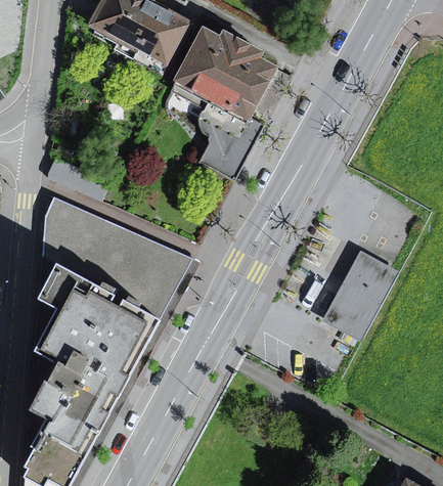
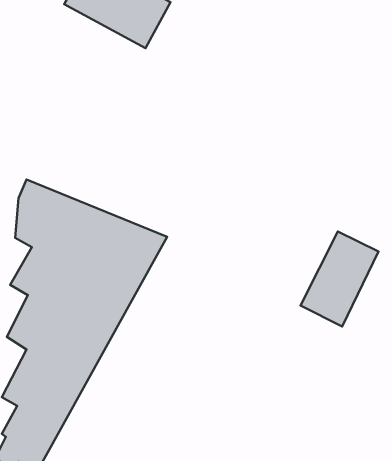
building: [174,30,280,181] -> none

